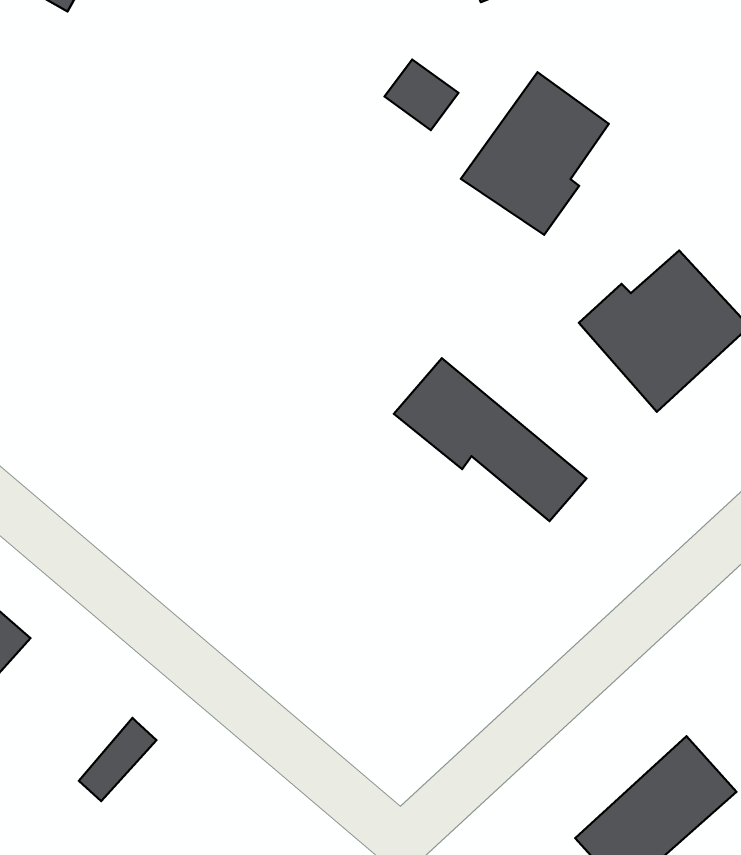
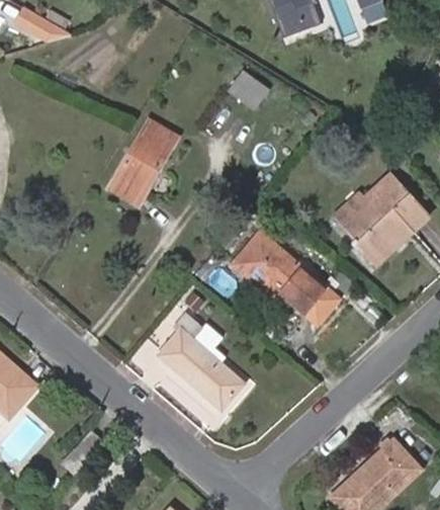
building: [461,72,609,235] -> none
building: none -> [109,119,176,203]
building: none -> [161,312,243,407]

